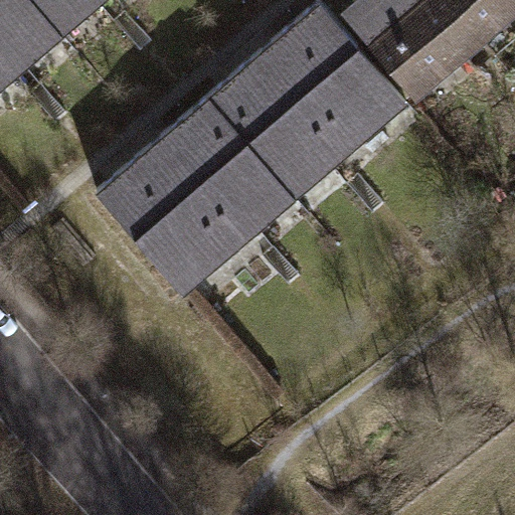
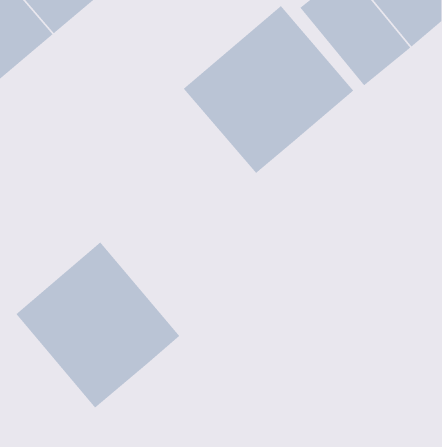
building: [98,102,293,294] -> none
building: none -> [15,242,180,409]

